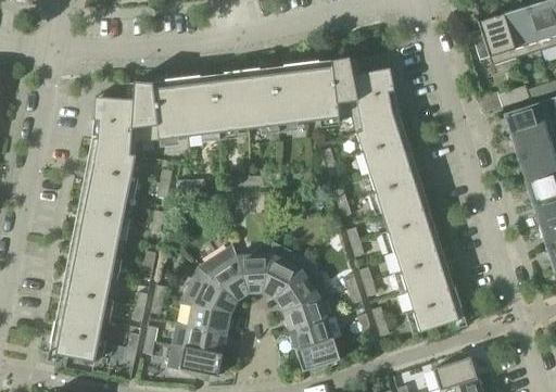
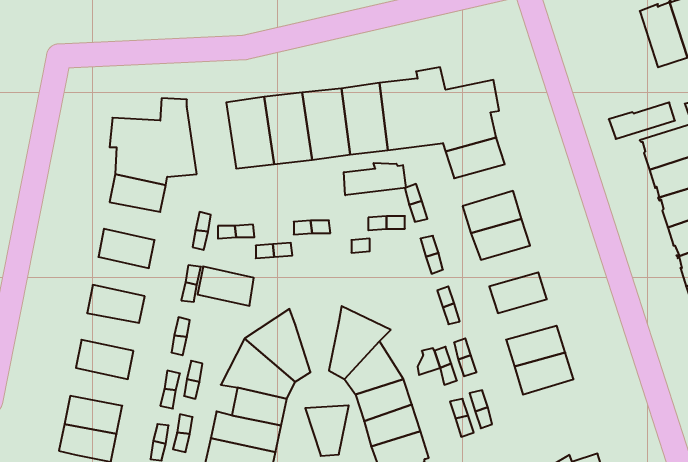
building: [471,13,517,64] -> none
building: [153,84,191,139] -> none
building: none -> [344,163,406,195]
building: [359,131,405,164] -> none
building: [89,161,132,190] -> none
building: [380,194,425,226] -> none
building: [80,203,124,233] -> [198,266,254,306]
building: [393,236,439,267] -> none
building: [72,246,116,276] -> none
building: [237,253,270,292] -> [305,405,349,456]
building: [63,289,108,318] -> none
building: [413,298,458,331] -> none

